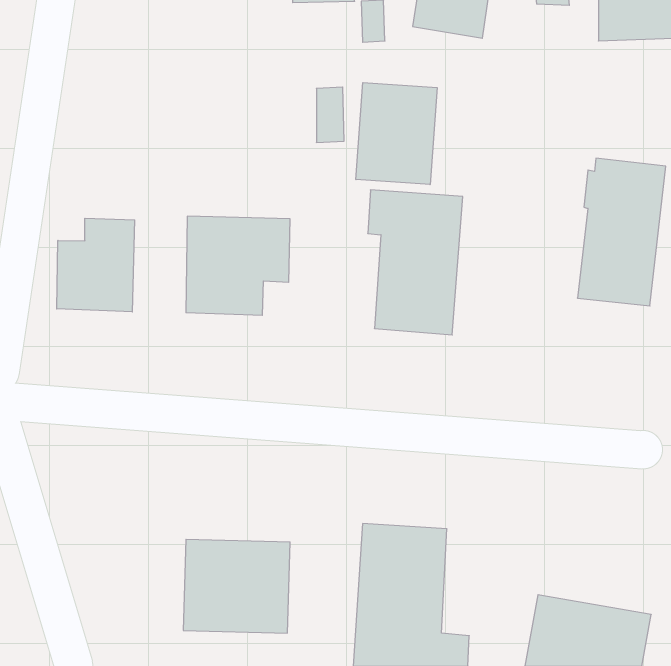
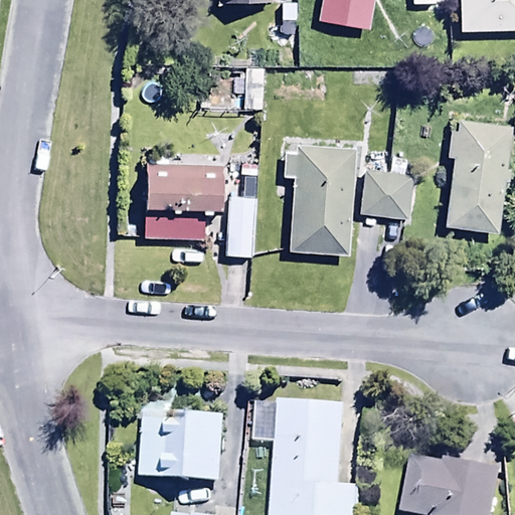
building: [356,83,437,185] -> none
building: none -> [357,155,417,219]
building: [57,218,135,312] -> none
building: none -> [225,195,256,256]

